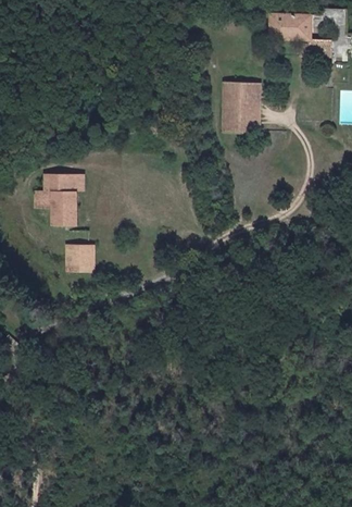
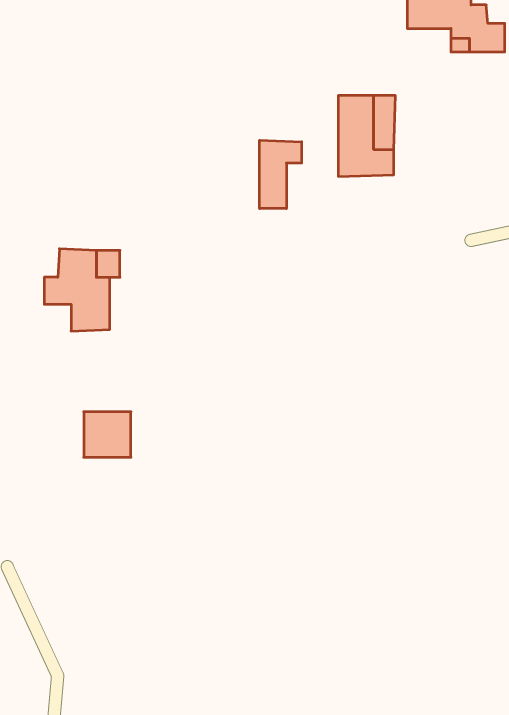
building: none -> [260,140,302,209]
building: [64,244,95,273] -> [84,412,131,457]

